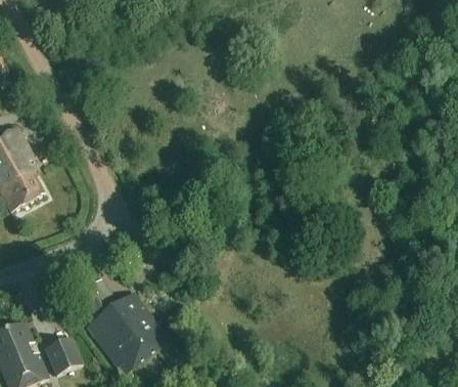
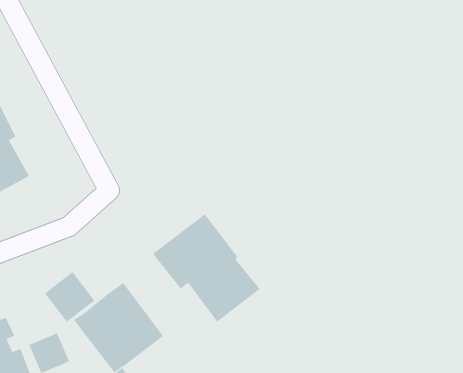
building: none -> [152,214,261,323]
building: none -> [44,271,95,323]

